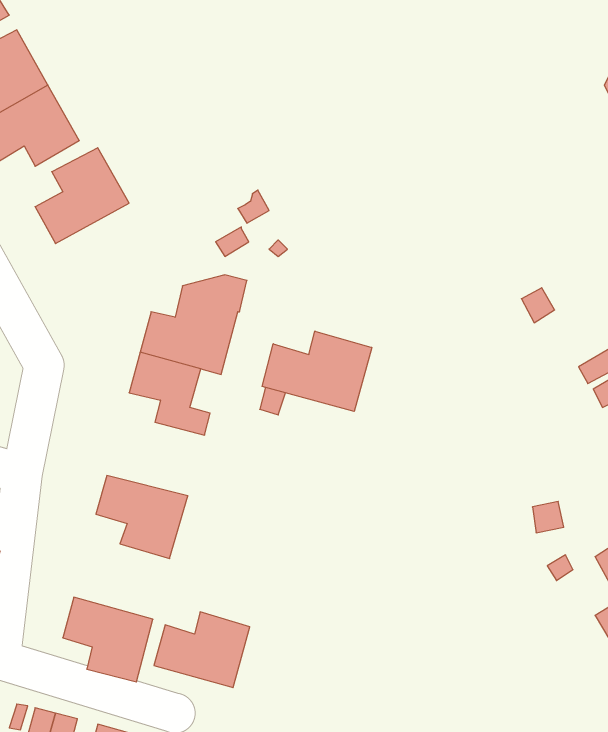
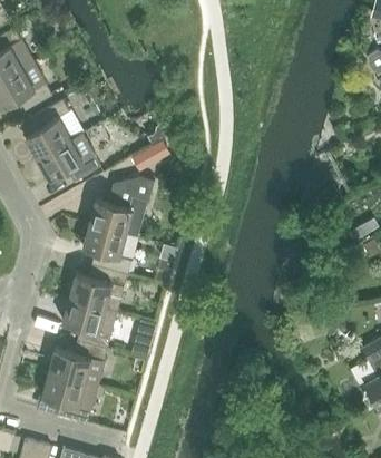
building: none -> [37,134,100,183]
building: [262,331,372,411] -> none
building: none -> [68,266,127,311]
building: [154,612,250,688] -> [48,340,106,386]

